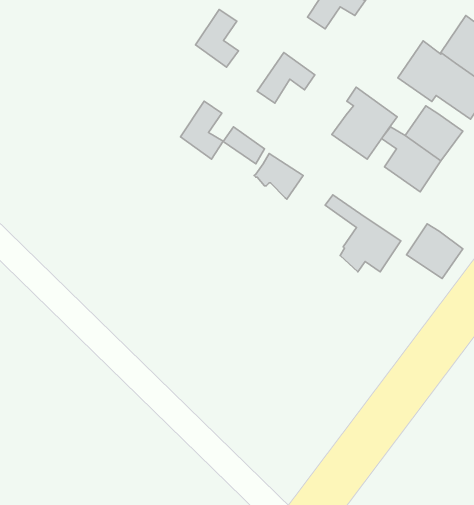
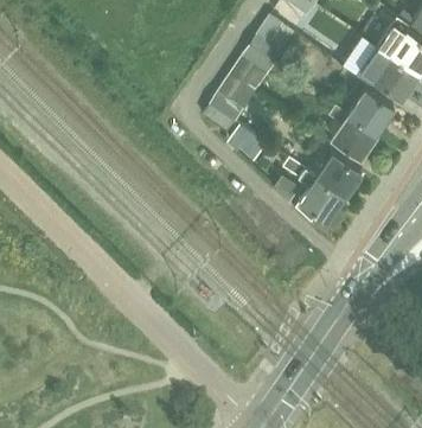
building: [195,9,238,67] -> [251,17,286,63]
building: [332,87,397,159] -> none
building: [180,101,223,159] -> [211,76,245,122]
building: [407,224,463,279] -> [316,152,362,196]

